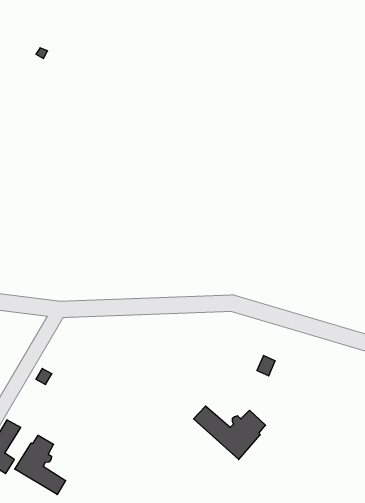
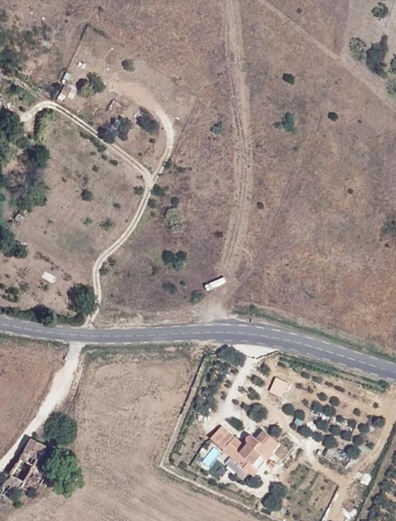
building: [15,435,66,495] -> none

